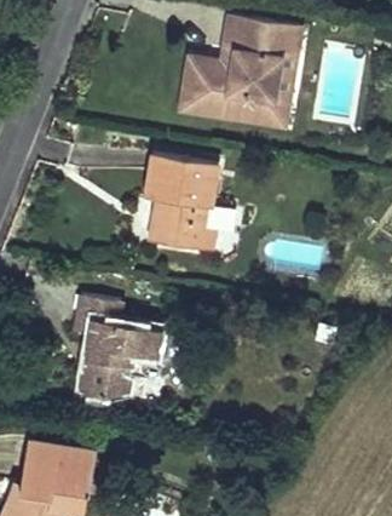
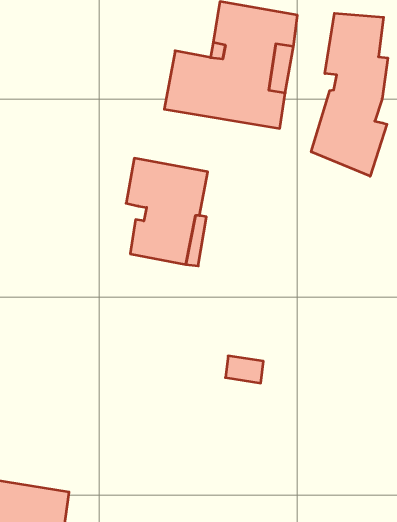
building: none -> [311,13,388,176]
building: [68,296,163,413] -> none

